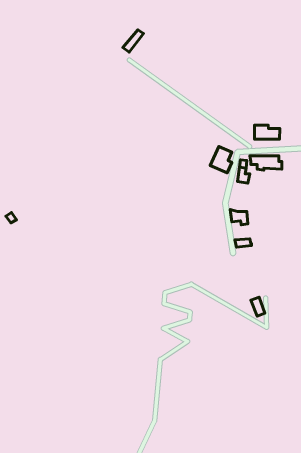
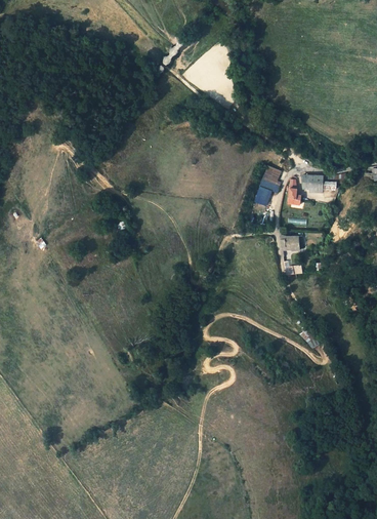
building: [255,125,280,139] -> none

